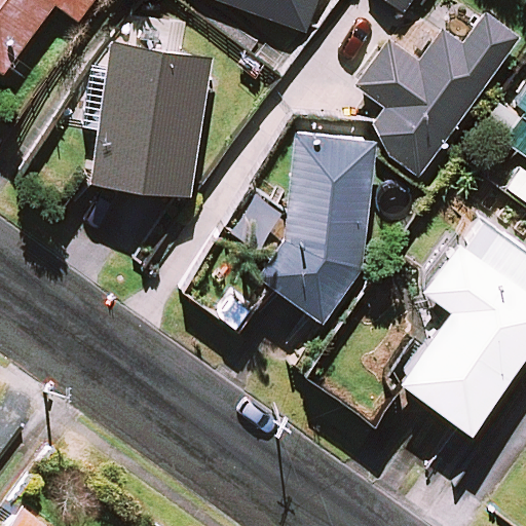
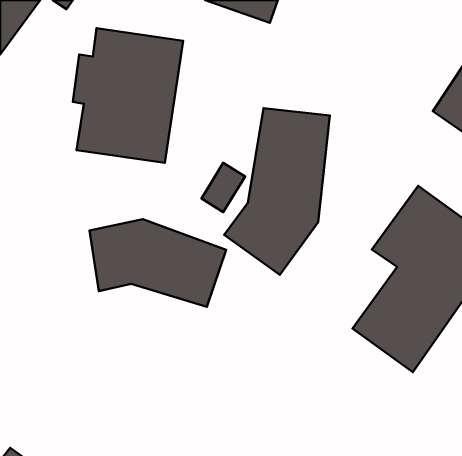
building: [359,22,514,168] -> none
building: none -> [90,219,226,307]

